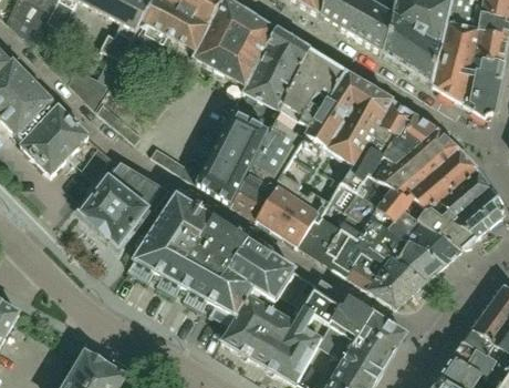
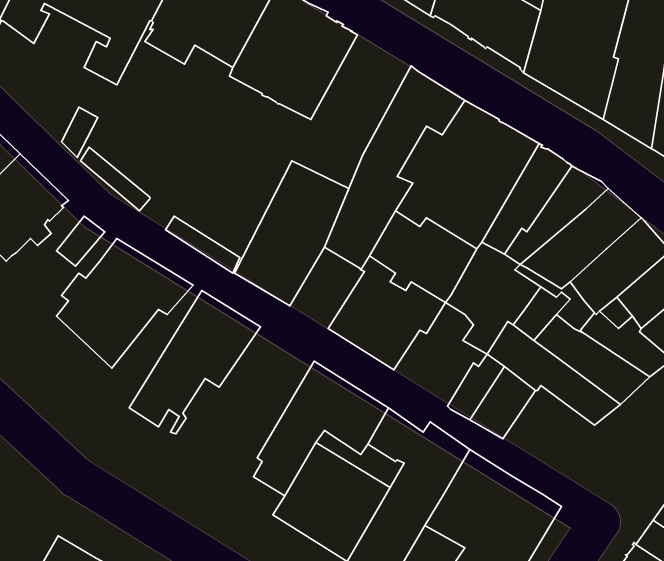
building: [237,28,309,119] -> none
building: [231,164,279,216] -> none
building: [158,215,247,308] -> none
building: [298,217,357,266] -> none
building: [367,253,426,306] -> none

